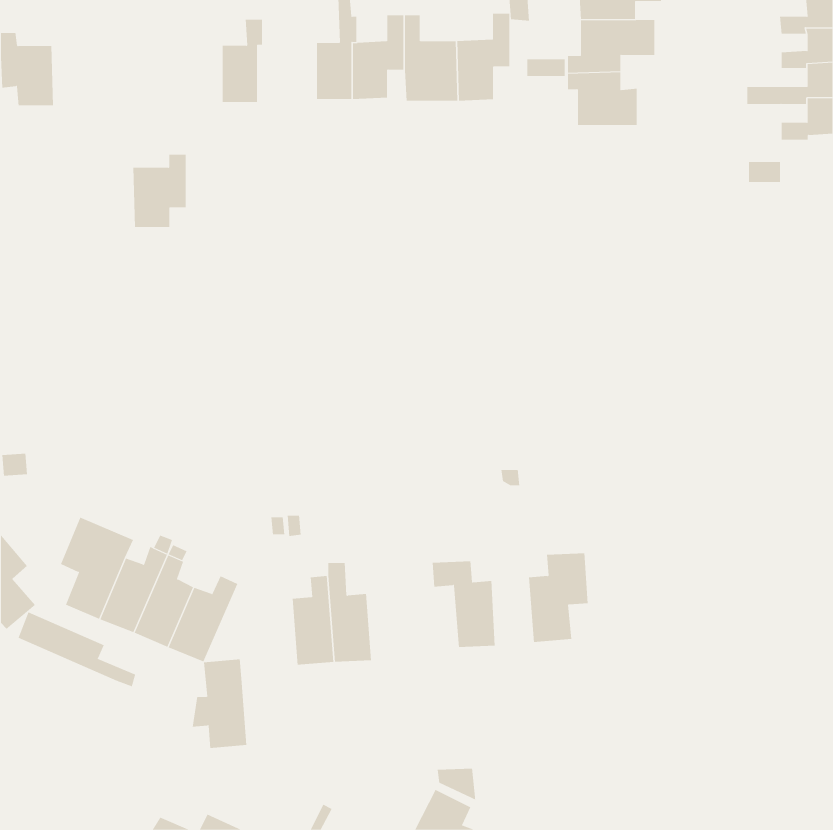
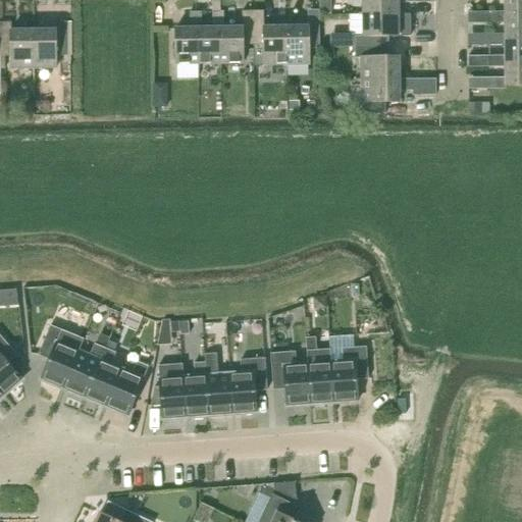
building: [222,19,263,102] -> [175,10,201,62]
building: none -> [361,77,436,112]
building: [133,154,186,228] -> [33,20,66,66]
building: none -> [306,336,333,404]
building: none -> [229,356,267,413]
building: [18,612,136,687] -> none
building: [192,659,247,749] -> [151,362,186,418]

